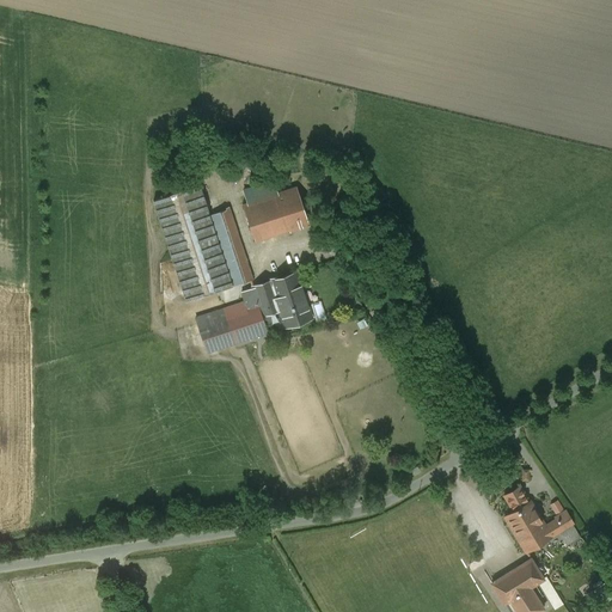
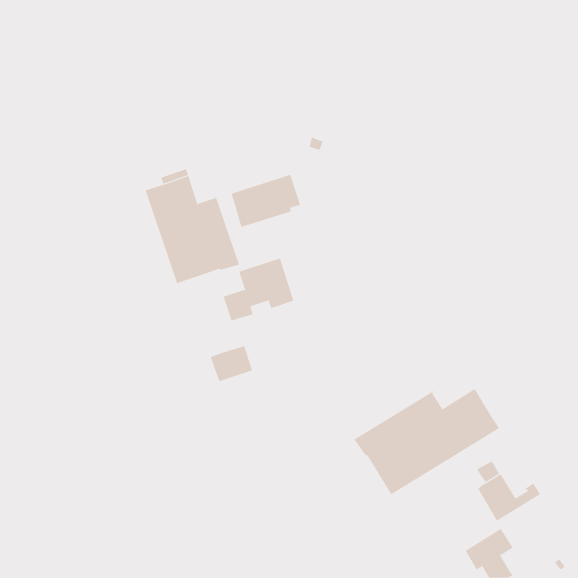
building: [198,313,244,351] -> [210,346,253,382]
building: none -> [354,388,500,495]

